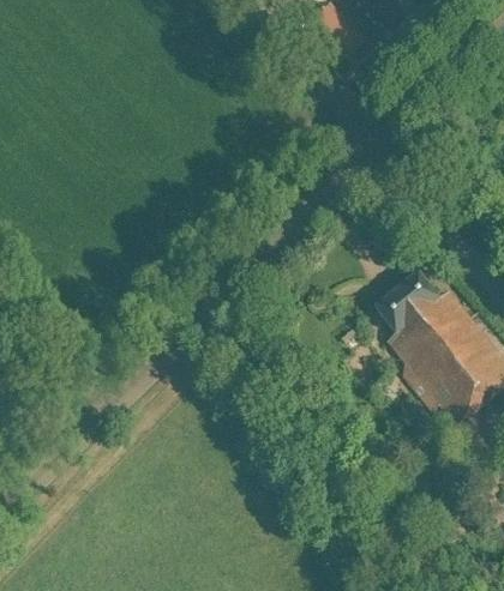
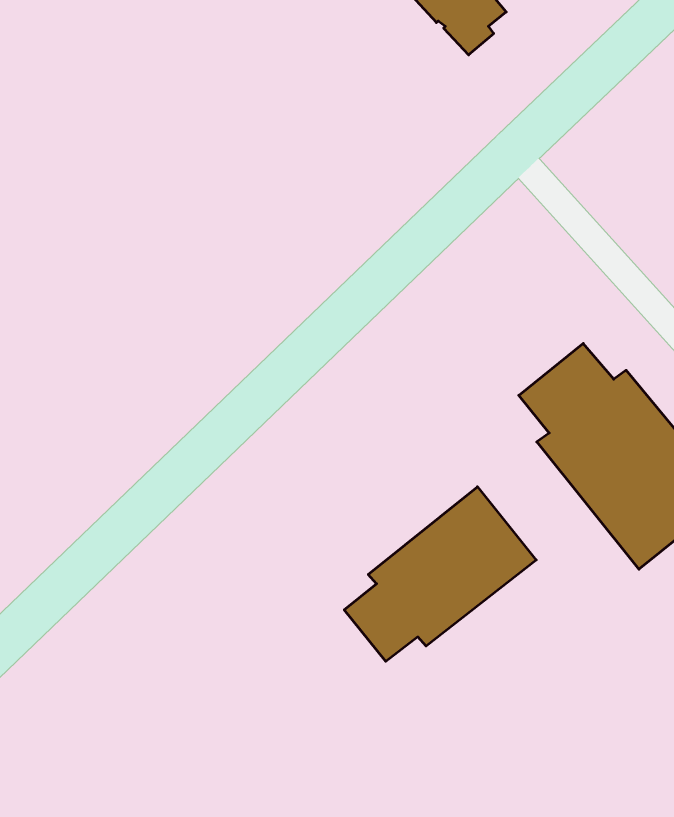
building: none -> [344,487,536,661]

